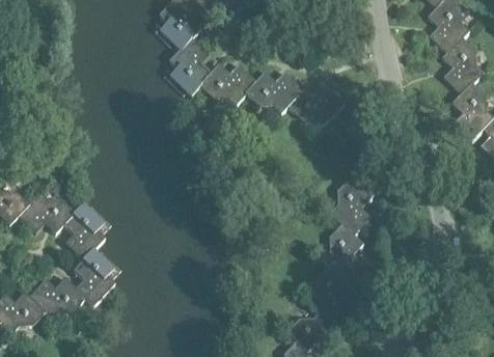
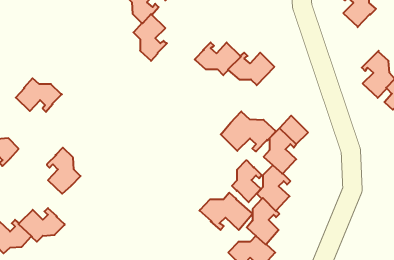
building: [442,37,485,94] -> none
building: [200,64,257,105] -> none
building: none -> [221,111,276,151]
building: [18,192,75,234] -> [16,78,62,112]
building: none -> [232,160,262,202]
building: [73,249,114,305] -> none
building: none -> [199,193,253,230]

